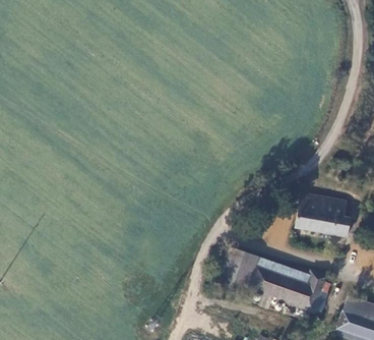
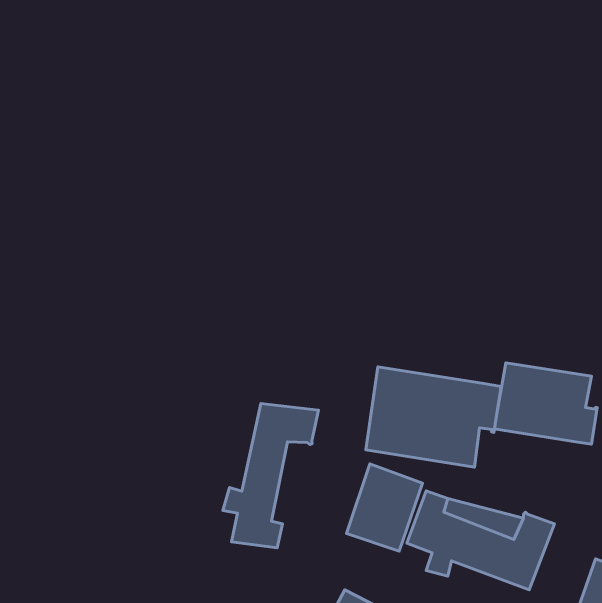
building: none -> [366,367,501,467]
building: none -> [223,403,319,548]

